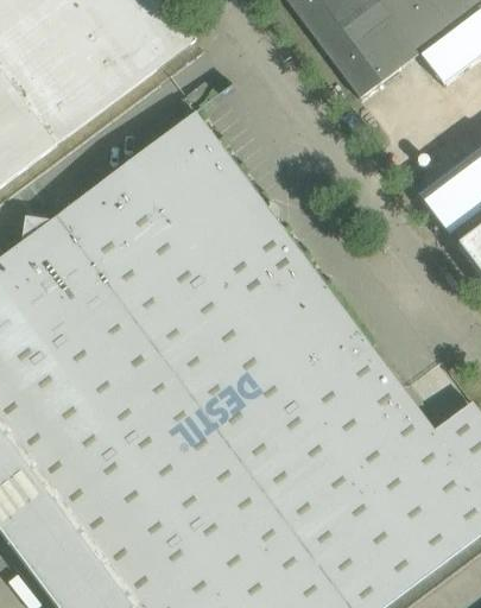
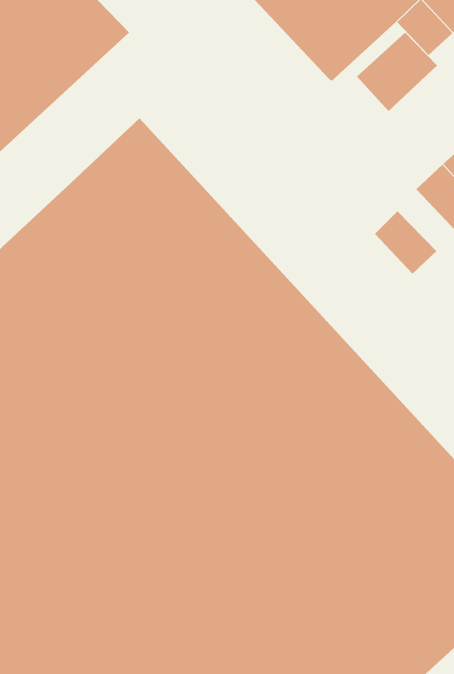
building: none -> [356,32,438,112]
building: none -> [374,210,437,275]

